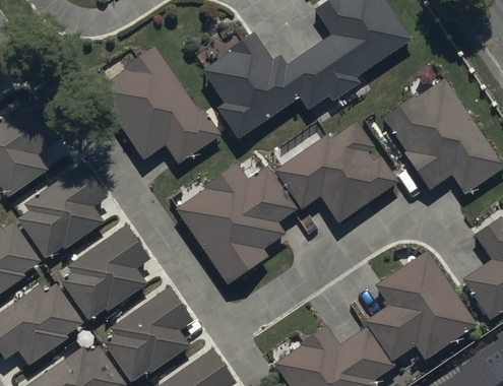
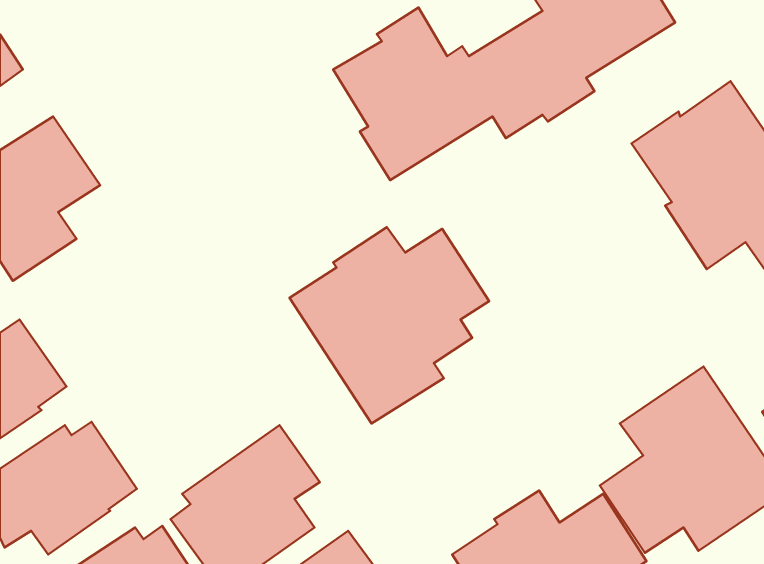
building: [95,47,224,166] -> none
building: [274,121,399,224] -> none
building: [17,163,107,257] -> none
building: [59,222,152,320] -> none

